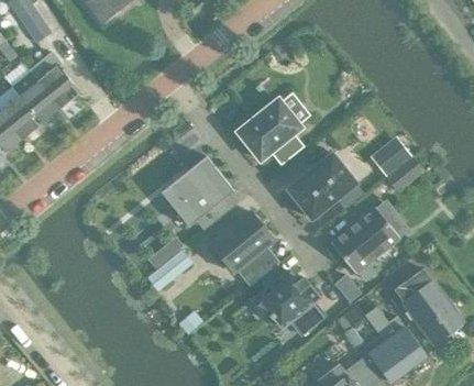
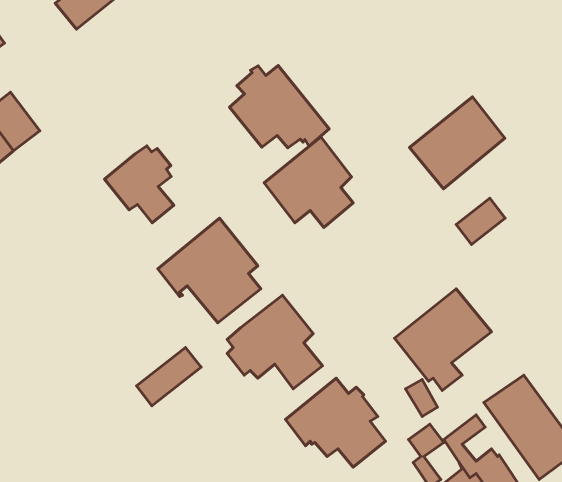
building: none -> [229,65,329,148]
building: none -> [105,146,174,223]
building: [286,154,354,220] -> [410,97,505,189]

